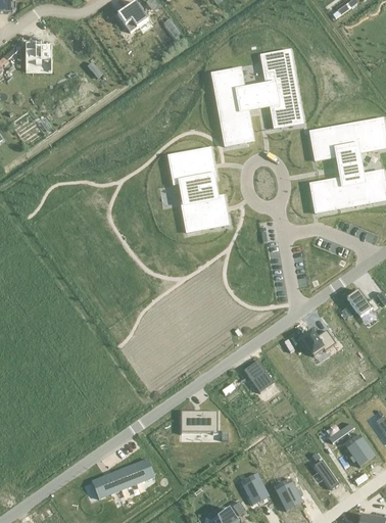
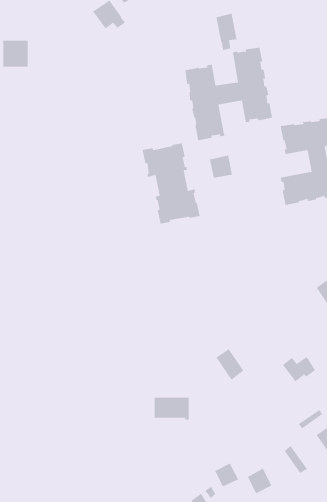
building: none -> [216,13,237,51]
building: none -> [209,153,233,178]
building: [300,329,335,355] -> [282,356,316,382]
building: [91,459,154,497] -> none

